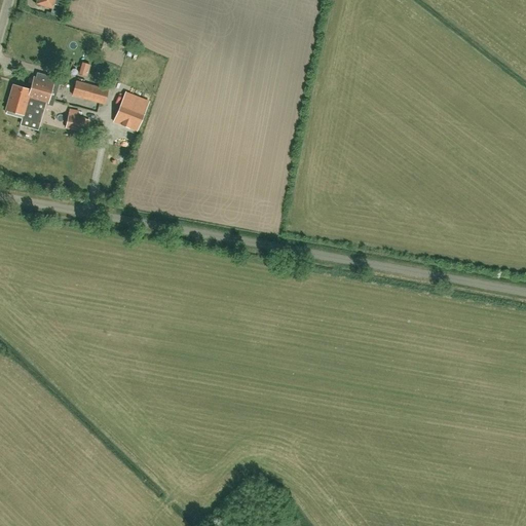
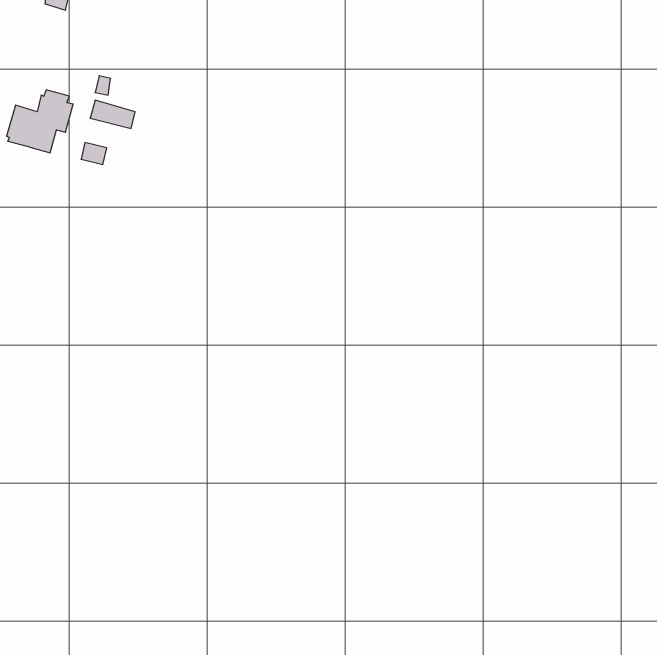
building: [113,92,147,132] -> none

